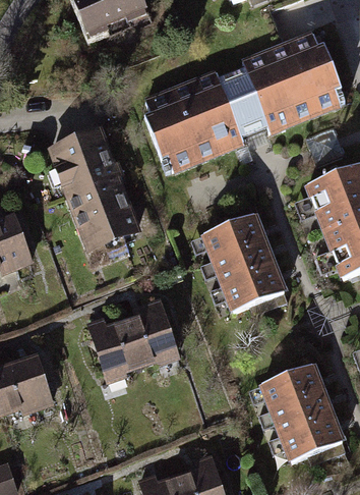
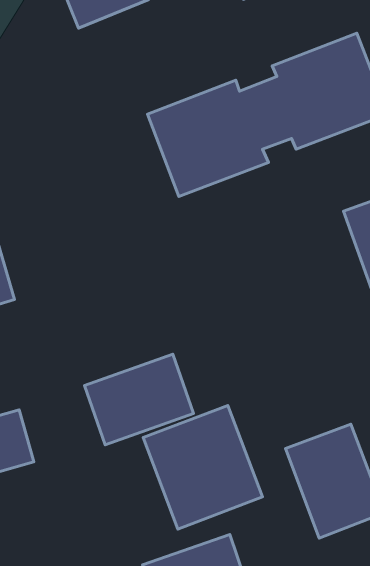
building: [51,130,137,249] -> none
building: [204,213,283,307] -> none
building: none -> [143,405,262,529]

